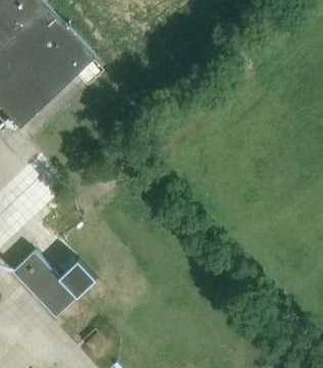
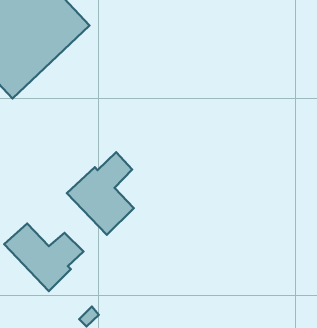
building: none -> [67,152,134,235]

